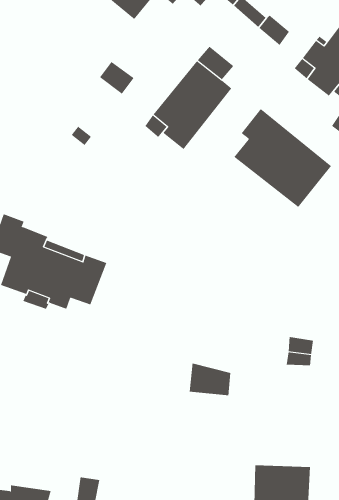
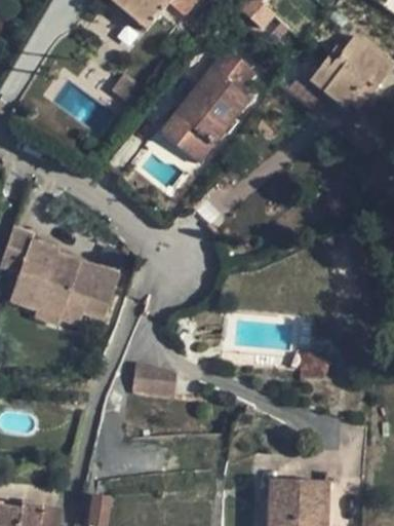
building: [234,108,332,208] -> none
building: [189,363,231,396] -> [133,363,176,397]

